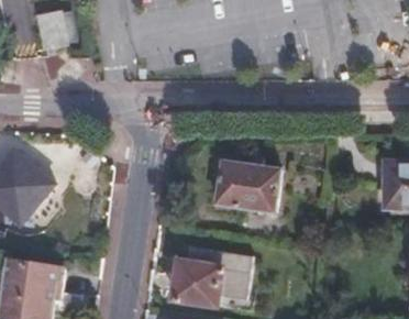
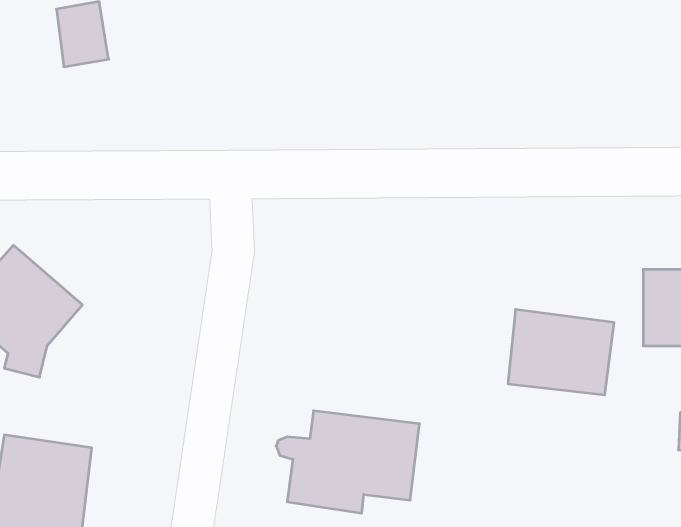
building: [218,161,280,211] -> [508,309,614,395]

